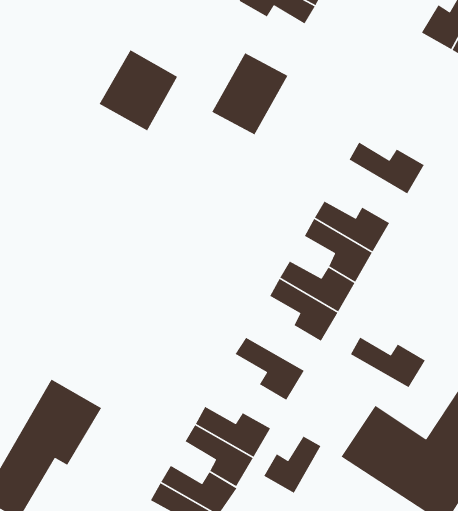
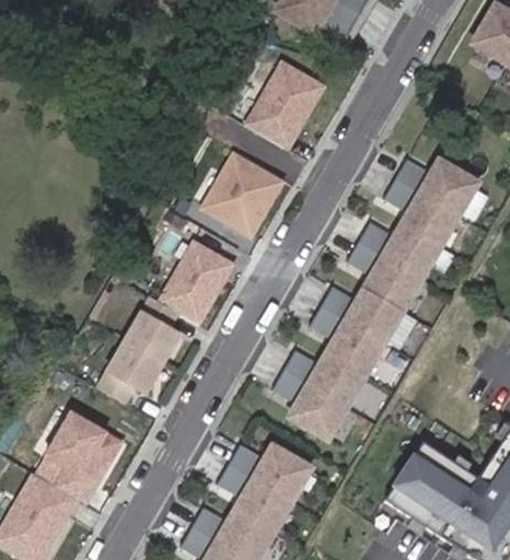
building: [99,49,178,131] -> [201,153,287,242]
building: none -> [380,177,455,245]
building: none -> [96,236,240,405]
building: [350,336,426,388] -> [281,348,363,404]
building: [263,435,322,494] -> none

